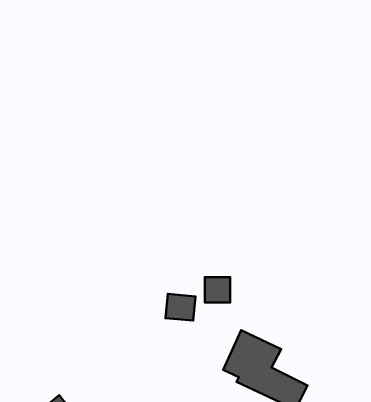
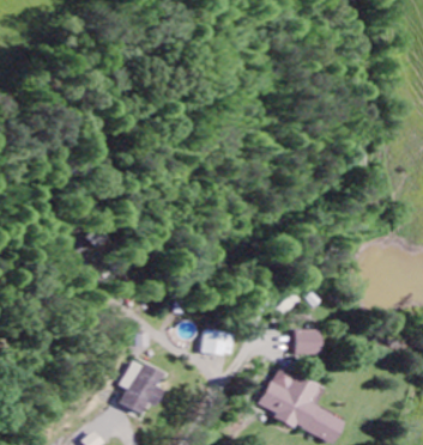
building: [205,277,230,303] -> [295,328,320,353]
building: none -> [123,359,165,414]

